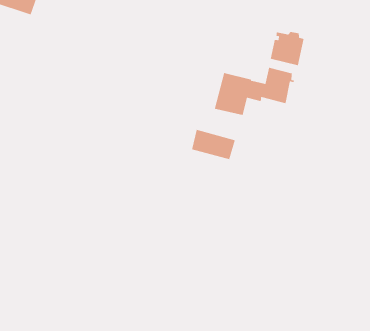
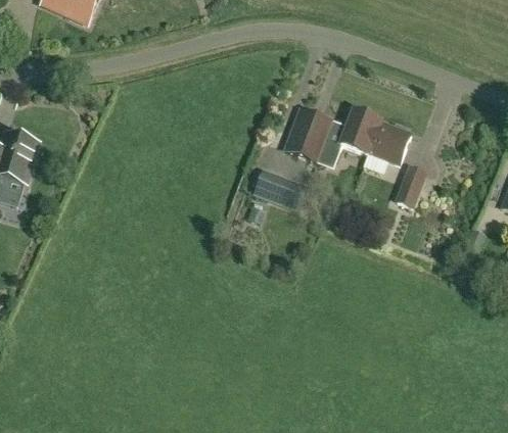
building: [270,31,304,66] -> [370,122,412,163]
building: none -> [394,164,426,208]

